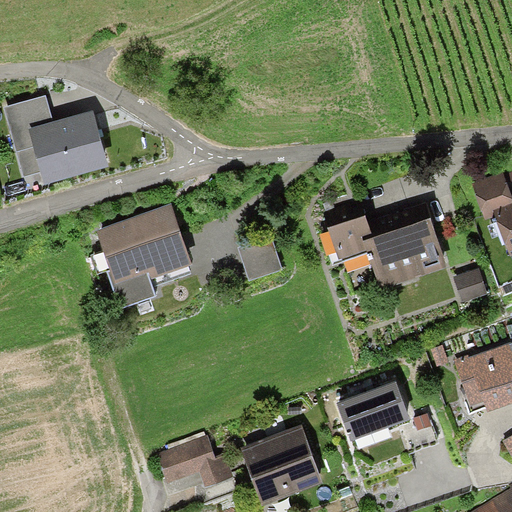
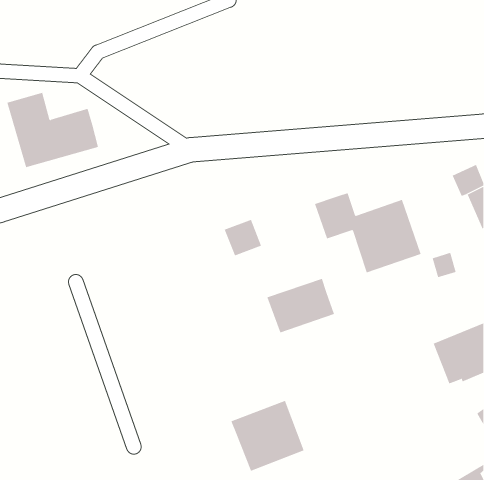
building: [98,206,189,304] -> none
building: [336,380,408,438] -> [266,278,335,333]
building: [159,441,231,500] -> none

